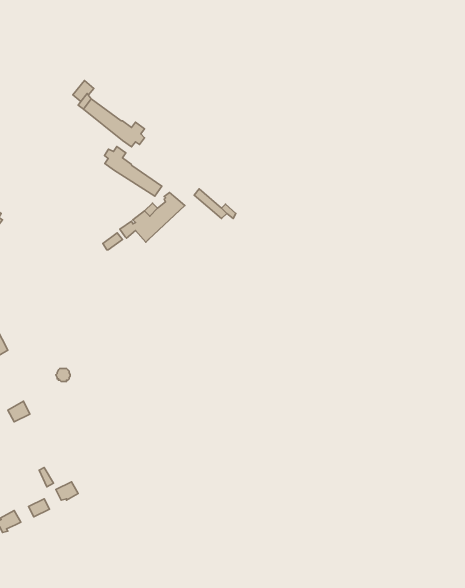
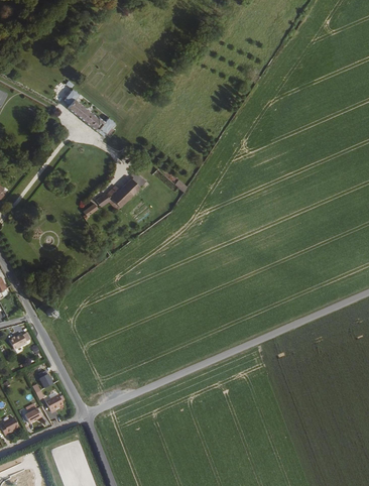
building: [104,146,162,196] -> none

